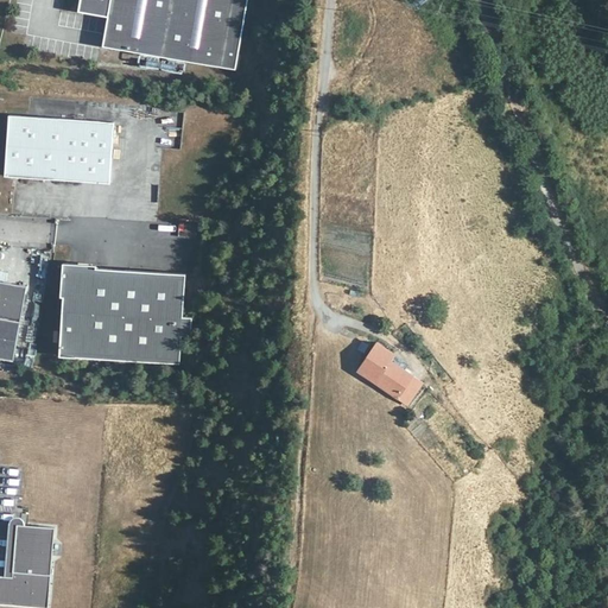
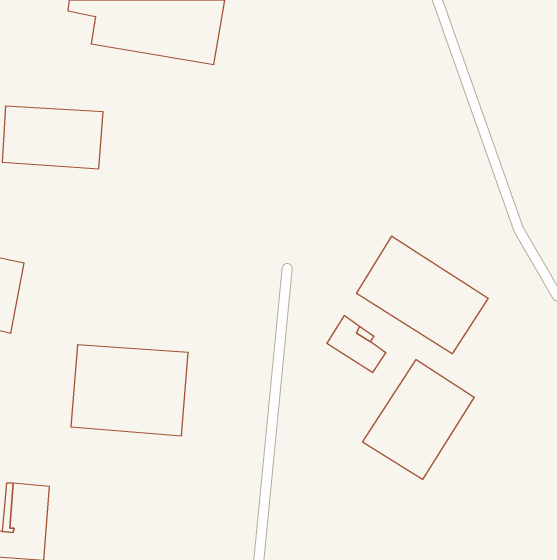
building: none -> [357,236,488,354]
building: [58,266,185,365] -> [71,345,188,436]
building: none -> [363,360,474,479]

